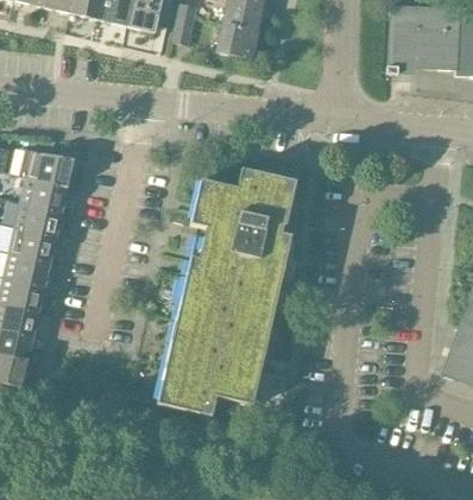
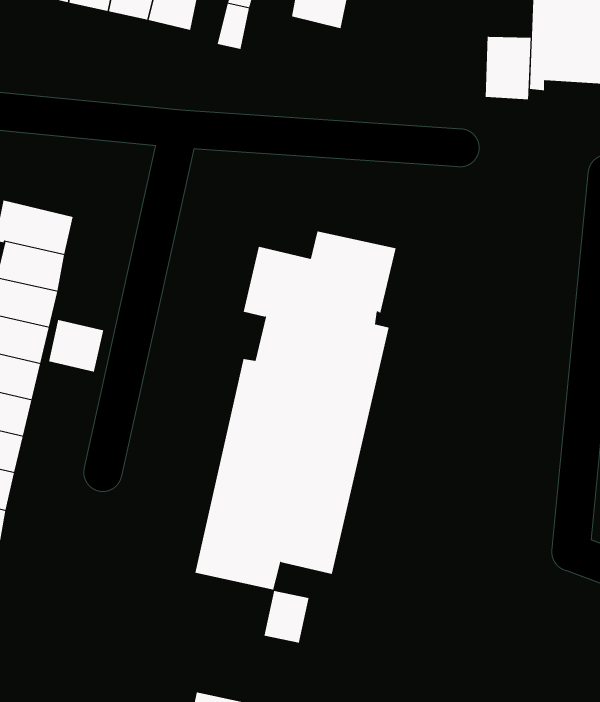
building: [216,21,258,58] -> none
building: none -> [485,36,531,100]
building: none -> [48,319,104,372]
building: none -> [264,590,309,644]

